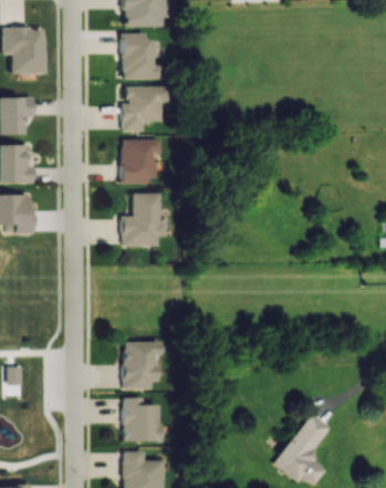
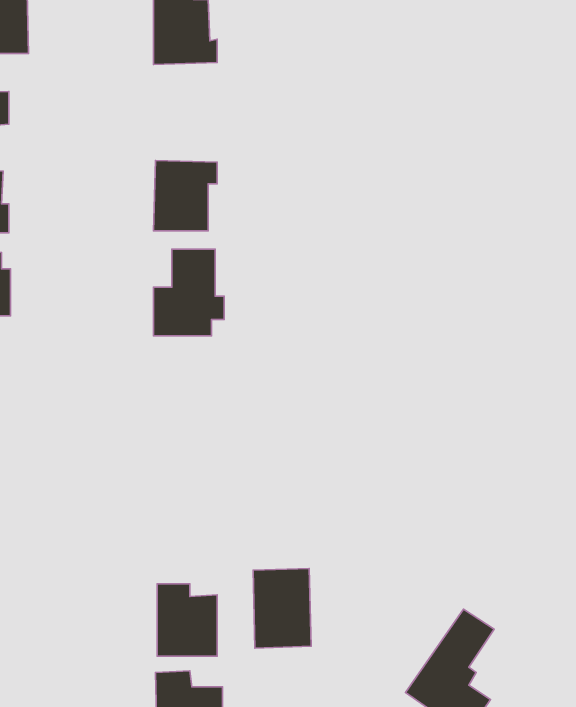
building: [122,85,168,132] -> none
building: [123,341,158,390] -> [253,568,311,648]

